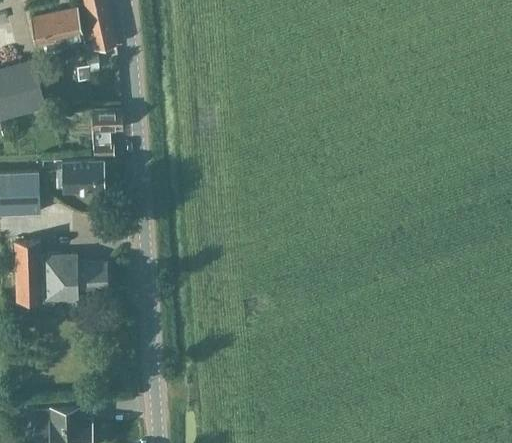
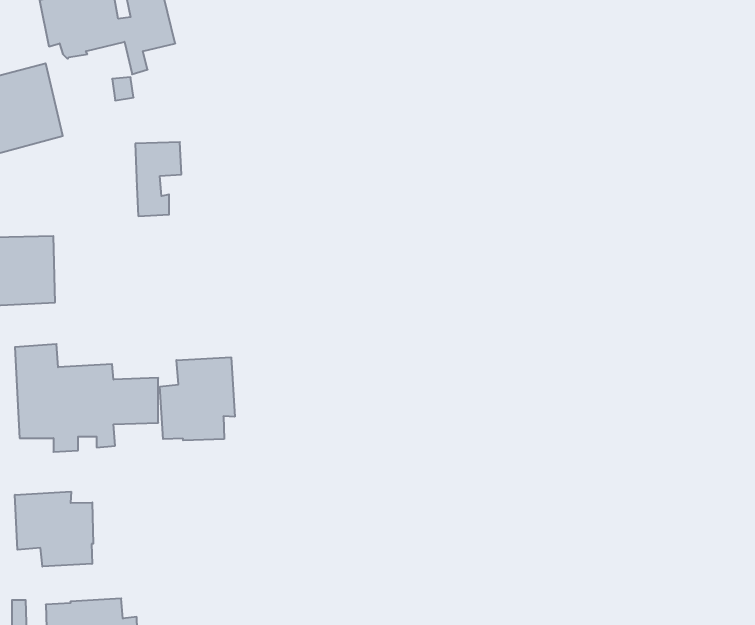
building: [61,160,104,193] -> none
building: none -> [160,357,235,440]
building: none -> [15,492,93,567]

